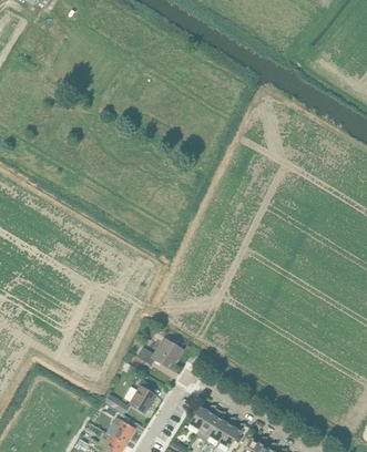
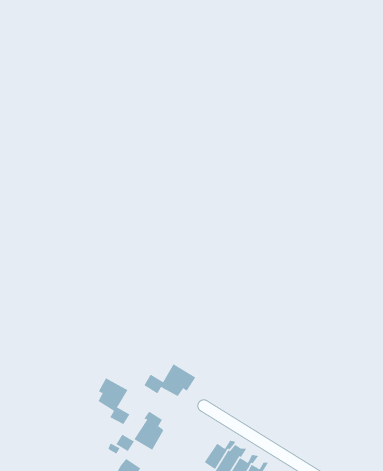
building: none -> [98,377,130,425]

